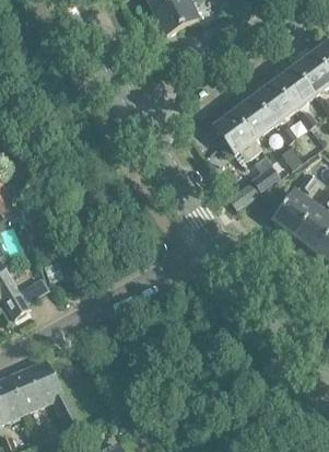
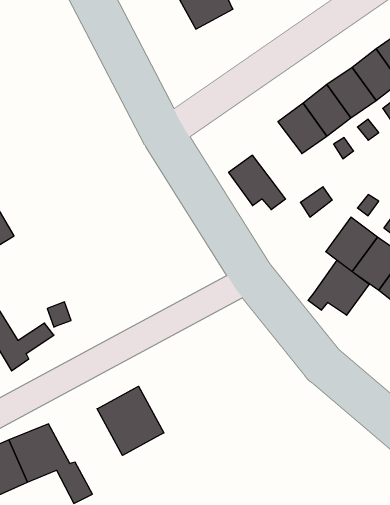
building: [214,113,261,158] -> [229,155,286,210]
building: none -> [308,260,369,315]
building: none -> [97,386,164,455]

